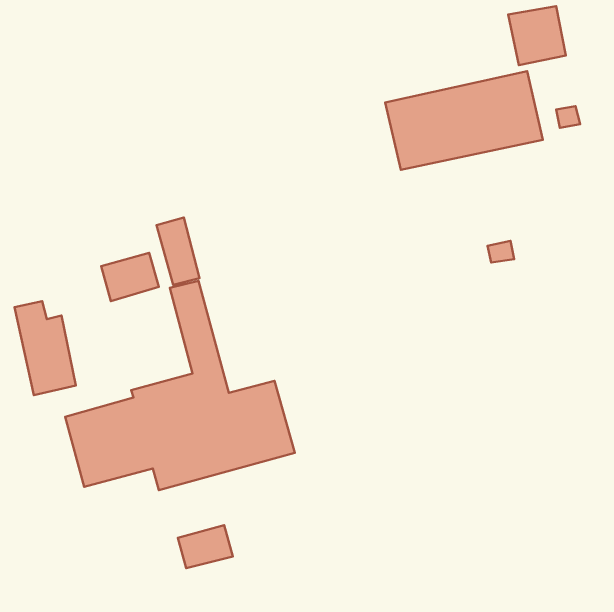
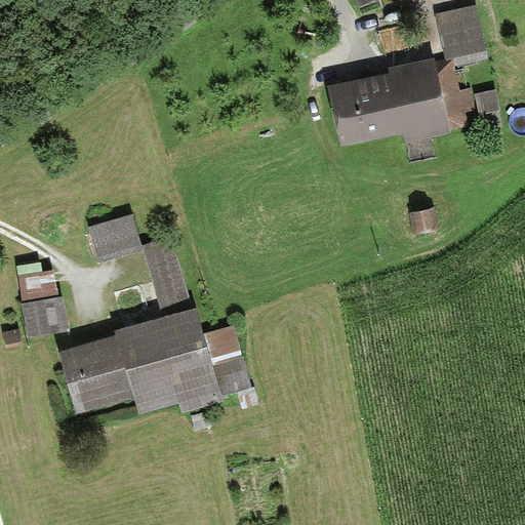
building: [157,218,199,285] -> none
building: [178,525,233,568] -> none

